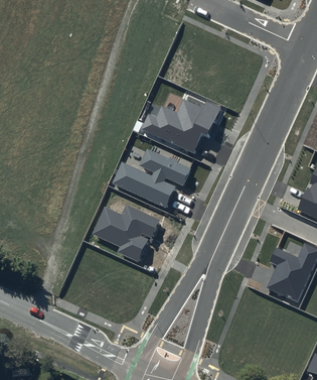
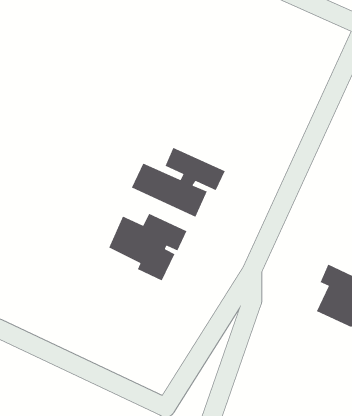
building: [140,100,220,153] -> none

